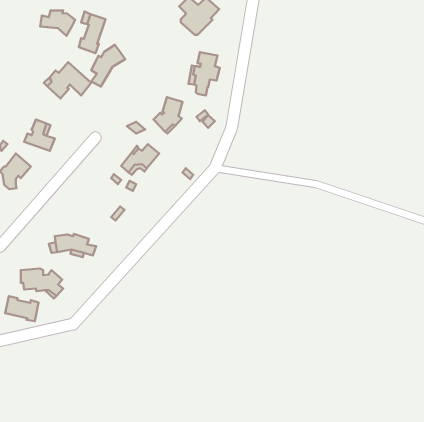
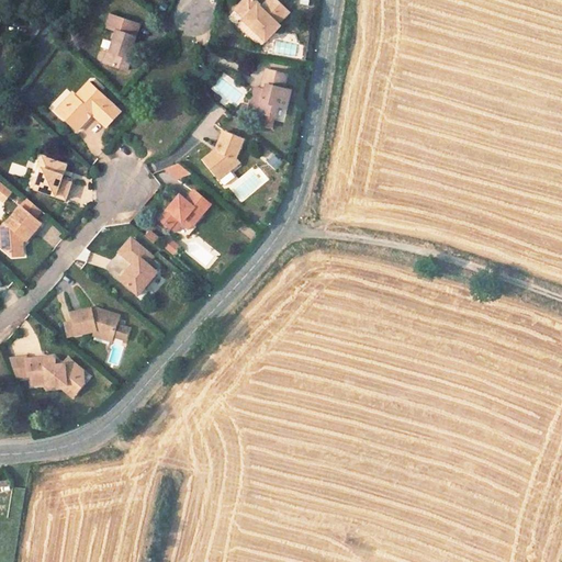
building: [40,10,75,36] -> none
building: [91,45,125,87] -> none
building: none -> [120,236,156,292]
building: [5,296,39,321] -> none

